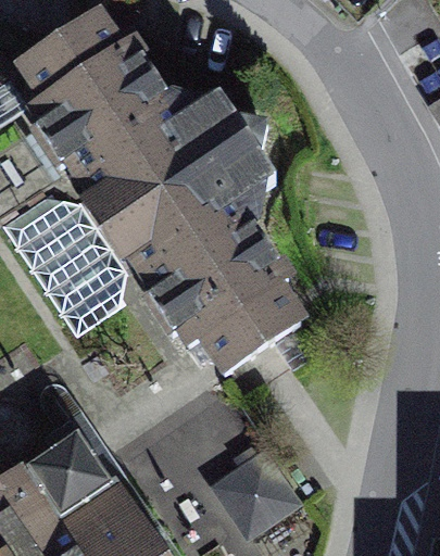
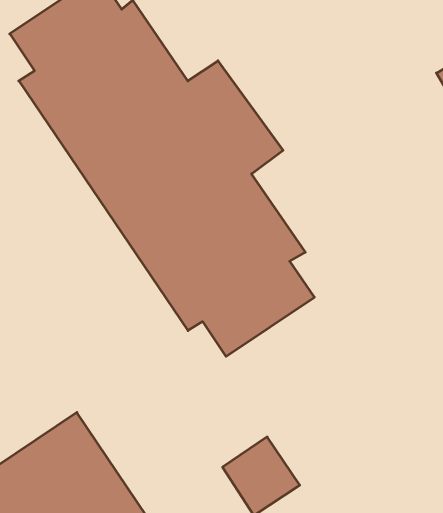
building: [21,206,121,318] -> none

